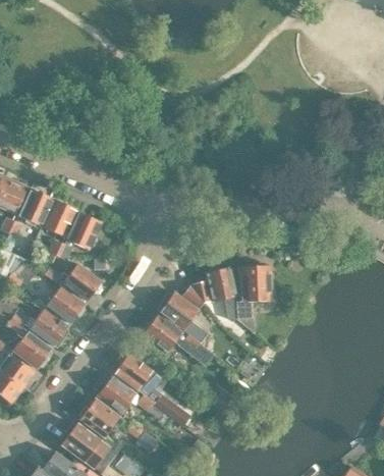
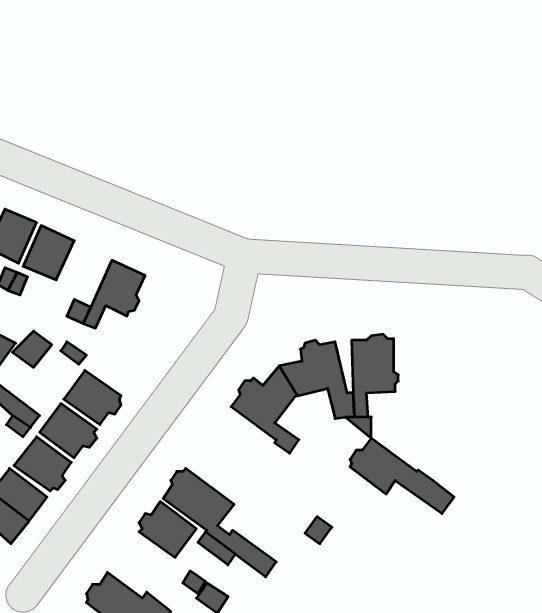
building: [41,199,75,236] -> none
building: [61,264,100,301] -> none
building: [142,314,212,365] -> [350,438,454,514]
building: [77,399,122,437] -> none

